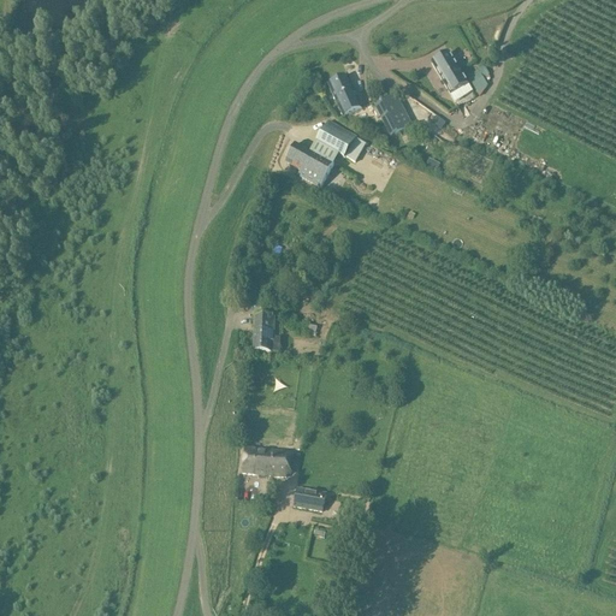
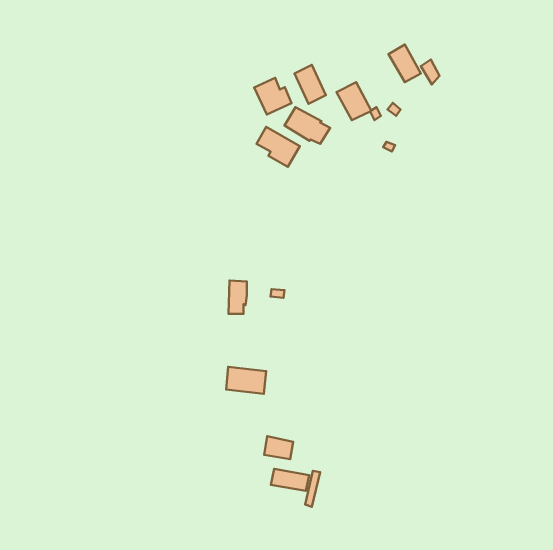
building: none -> [254,78,292,115]
building: [243,445,288,475] -> [226,367,266,394]
building: none -> [271,469,309,491]

